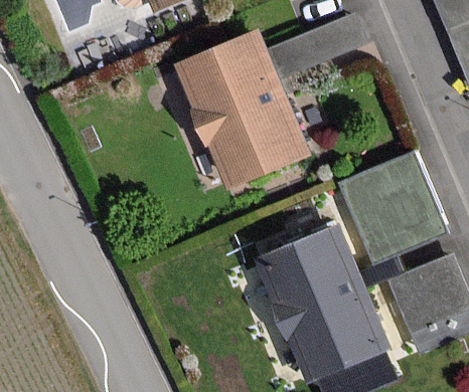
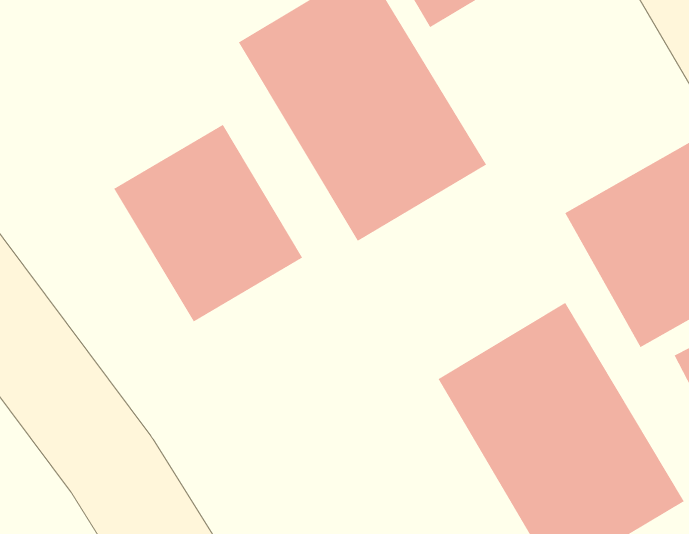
building: none -> [113,124,303,323]

